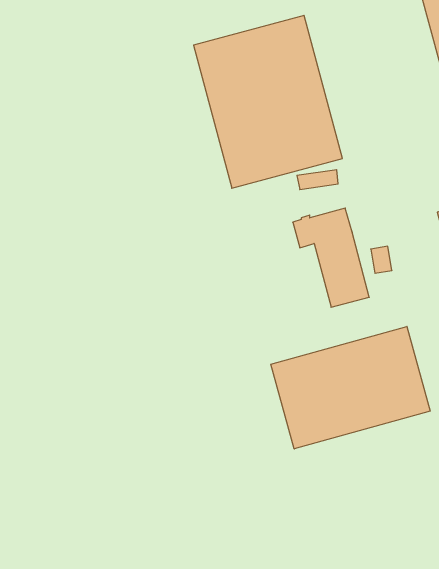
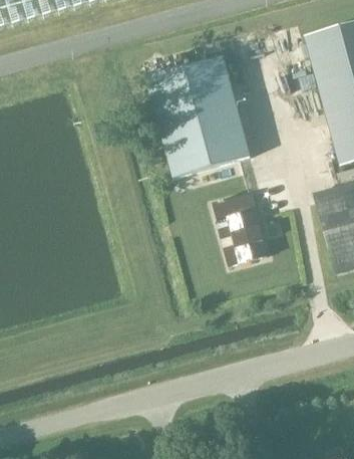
building: [271,326,430,449] -> none

